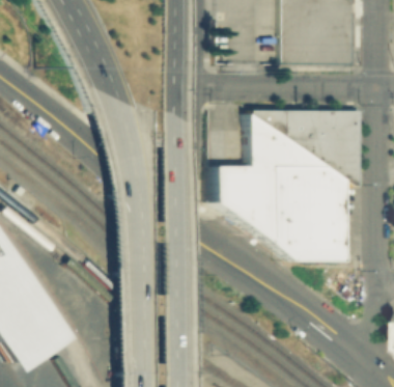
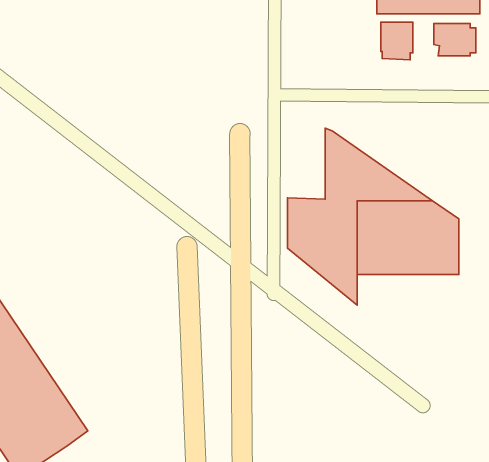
building: [252,108,361,186] -> none
building: [271,221,346,261] -> none

